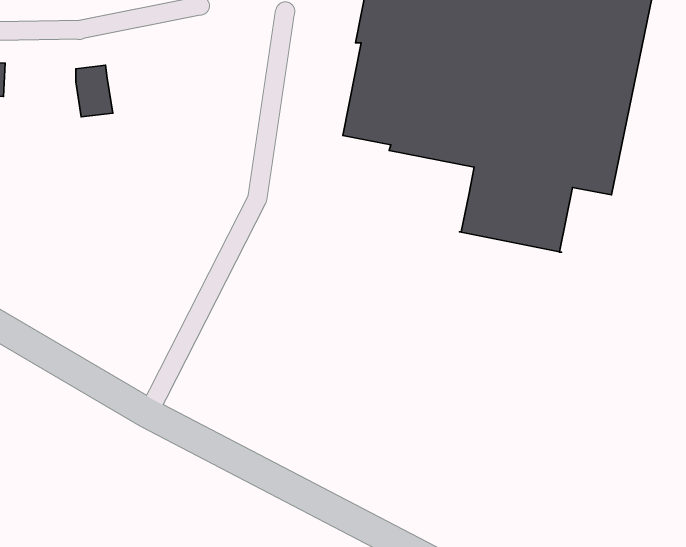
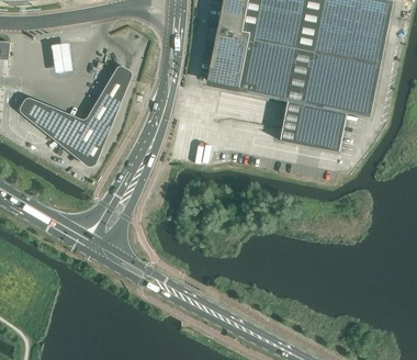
building: none -> [19,65,131,166]

